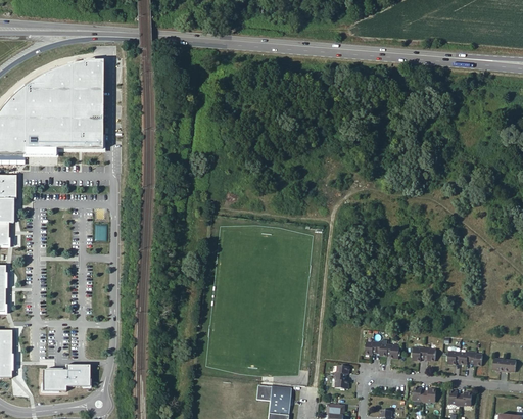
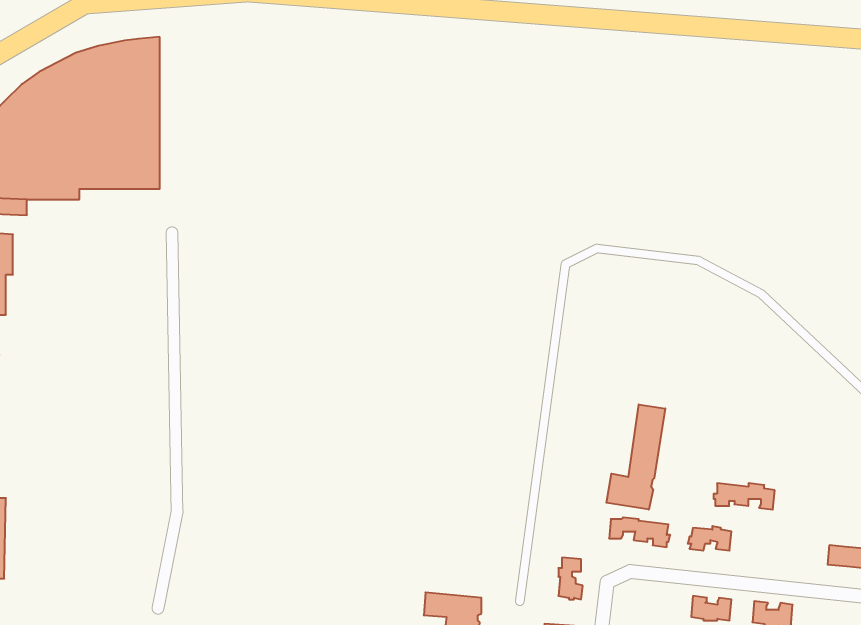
building: none -> [606,404,665,510]
building: [446,351,482,366] -> [714,483,775,509]
building: [42,365,90,391] -> none

